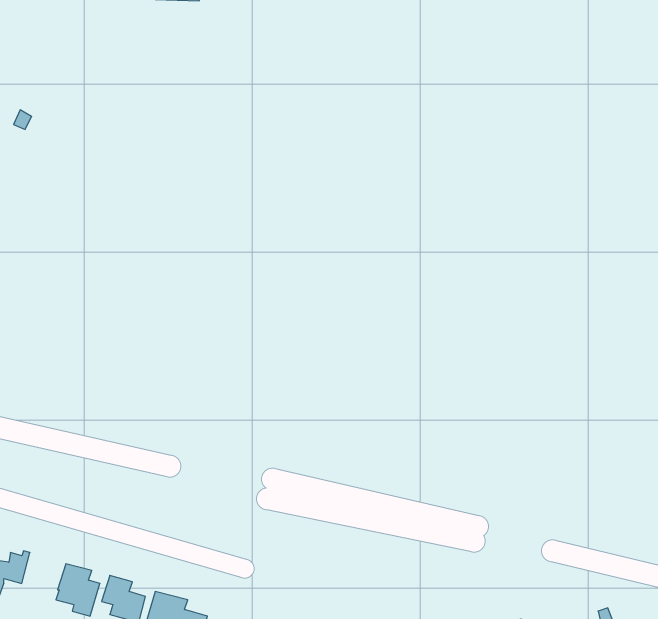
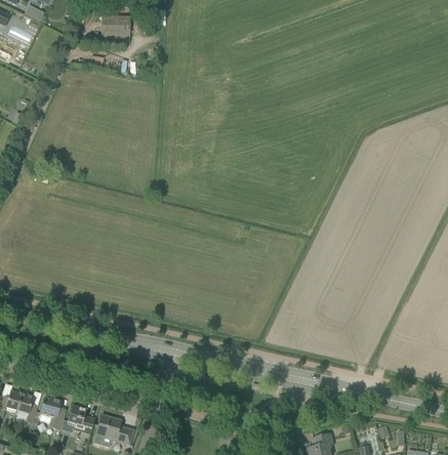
building: none -> [14,389,37,421]

